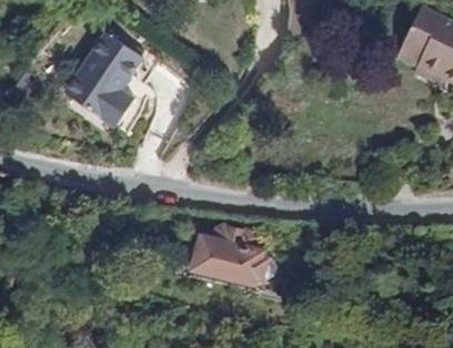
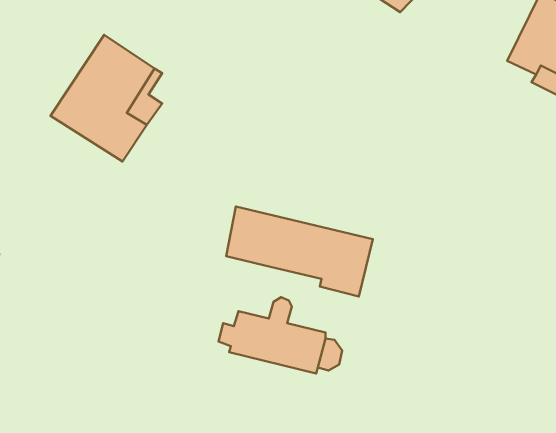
building: none -> [226,206,373,296]

